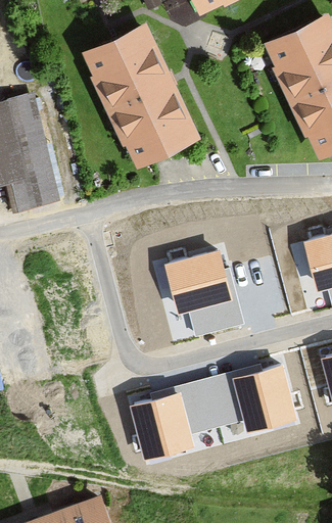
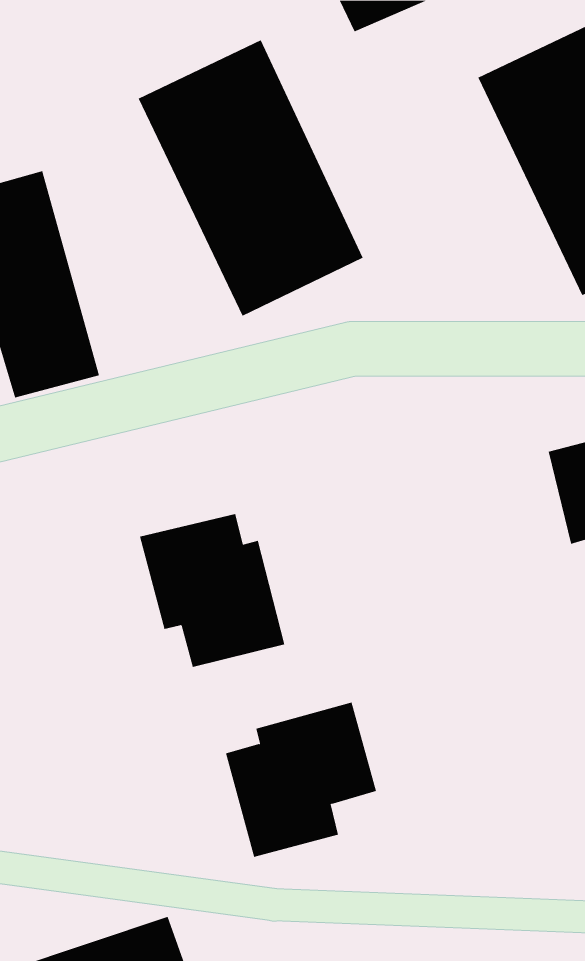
building: [162,253,241,336] -> [139,514,285,667]
building: [196,365,286,436] -> none

